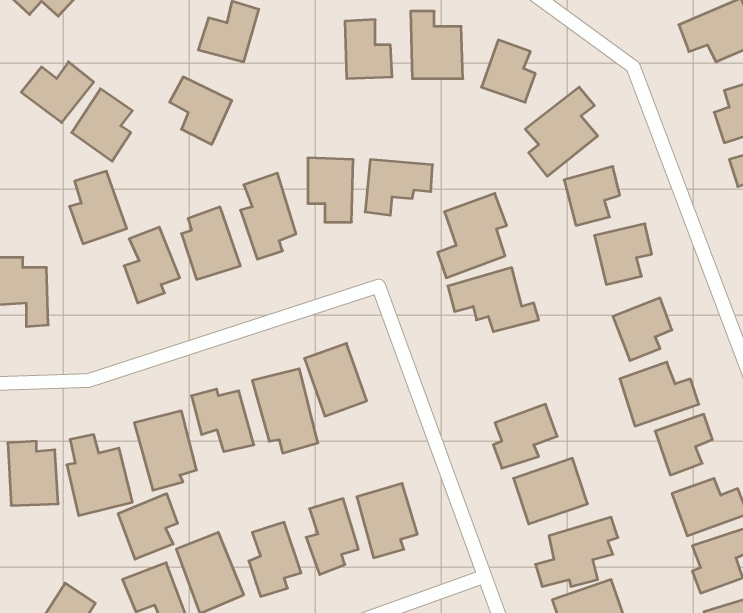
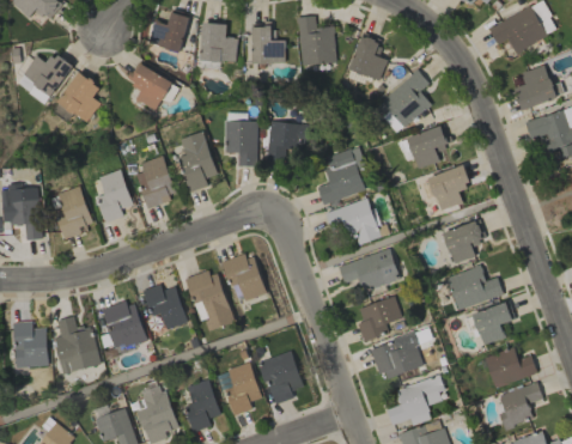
building: none -> [200,22,237,61]
building: [69,171,127,244] -> [54,185,95,237]
building: none -> [337,248,400,291]
building: [118,494,178,559] -> none

